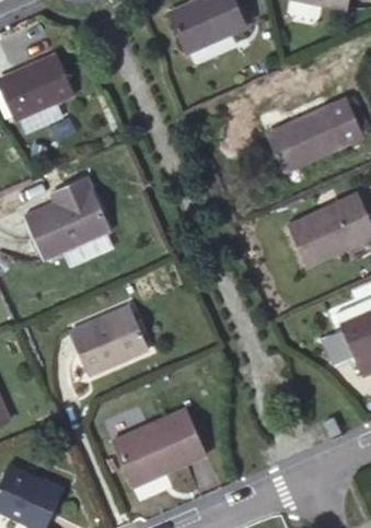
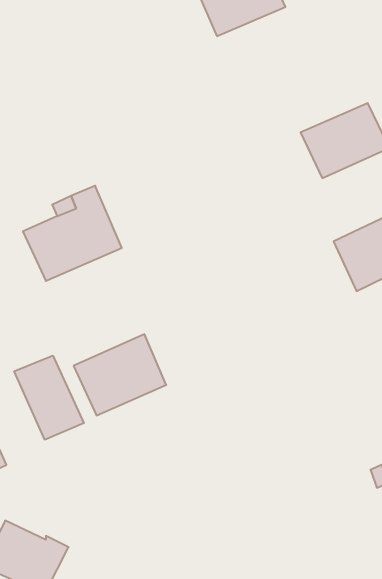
building: [13,51,73,112] -> none
building: none -> [14,356,84,440]
building: [115,408,208,486] -> none

